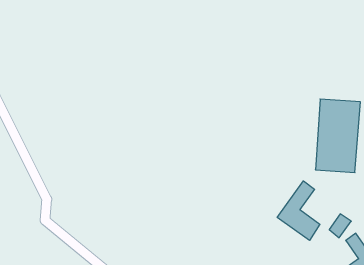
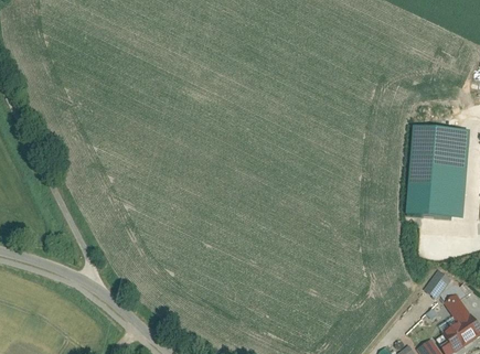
building: [277,181,320,240] -> none

